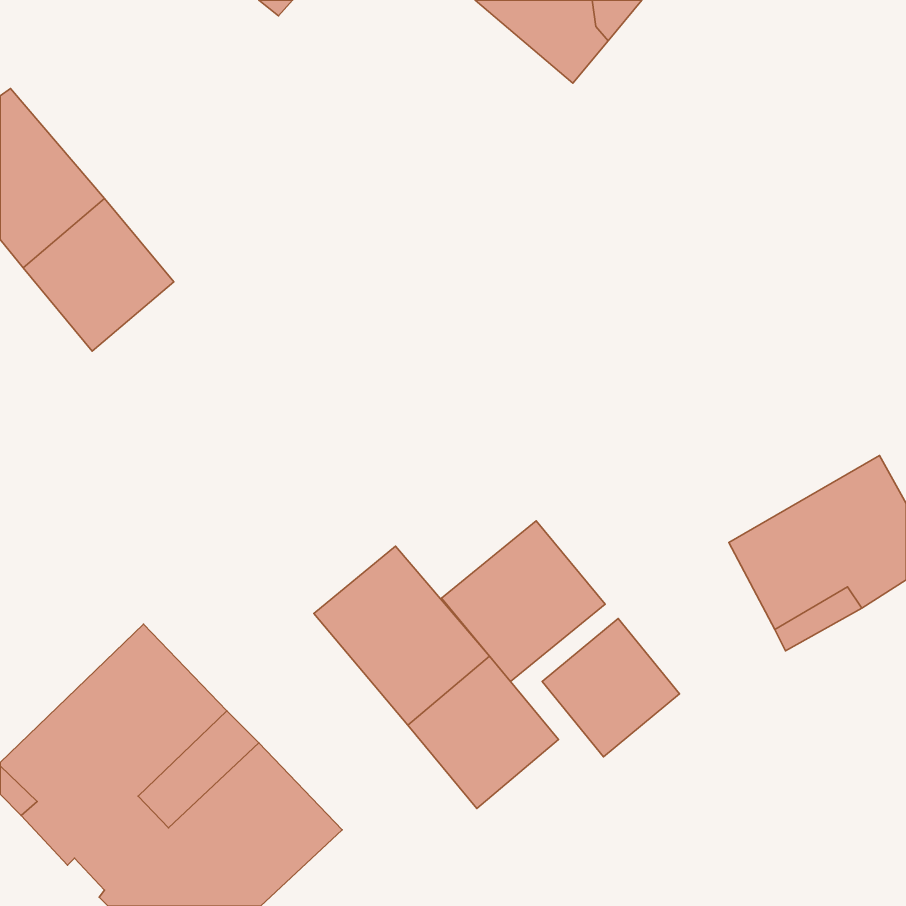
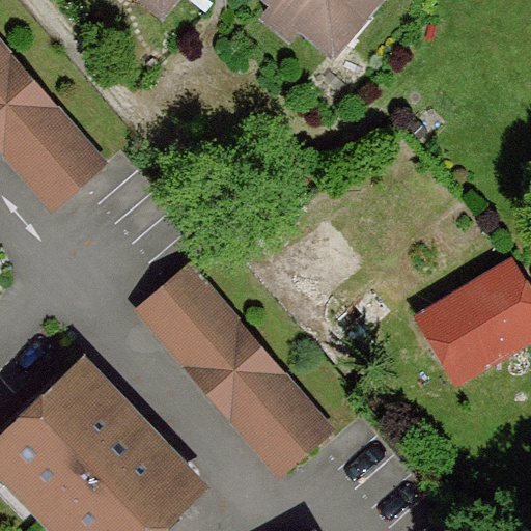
building: none -> [143,271,231,359]
building: [441,521,605,681] -> none
building: [542,618,679,757] -> none

